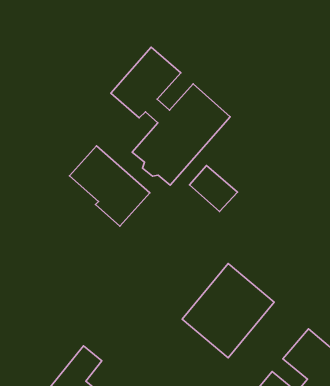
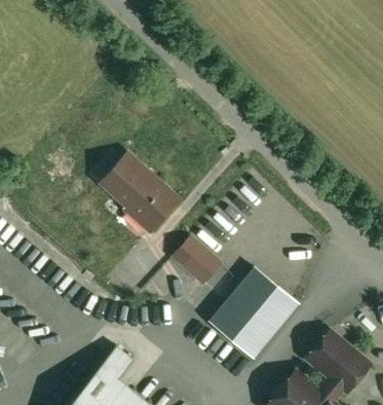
building: [111,47,230,185] -> none
building: [189,165,238,211] -> [174,237,220,282]

